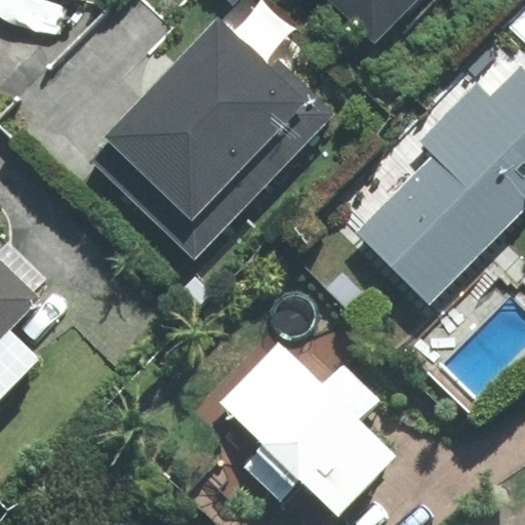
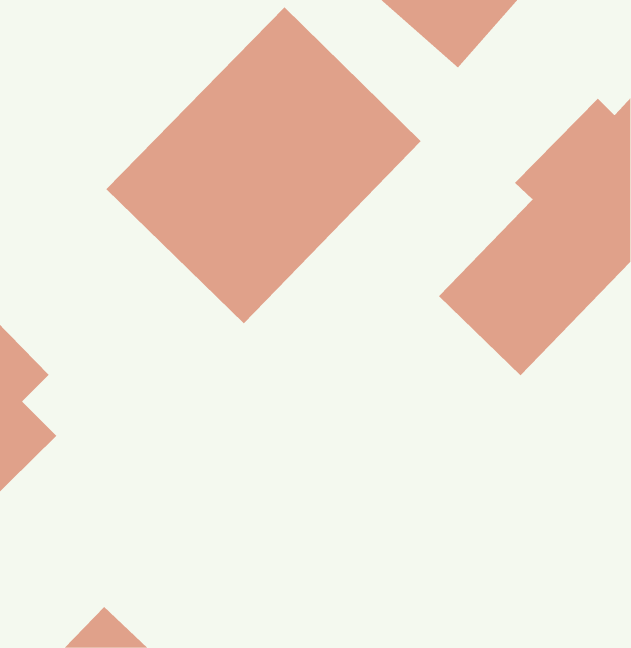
building: [225,335,407,512] -> none

